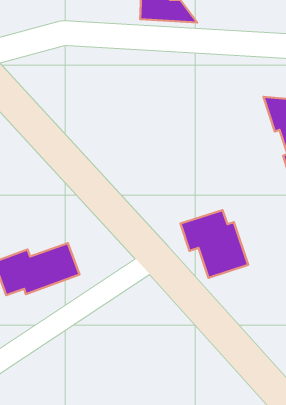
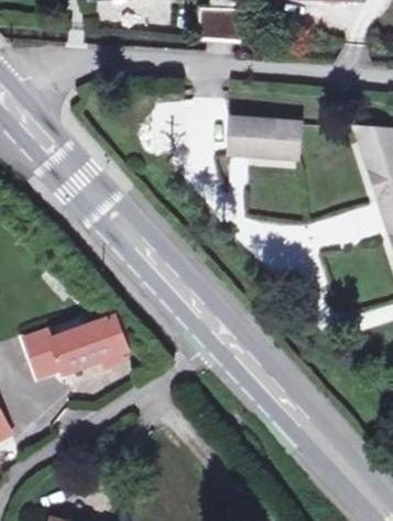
building: none -> [234,119,304,158]
building: [181,210,248,278] -> none

